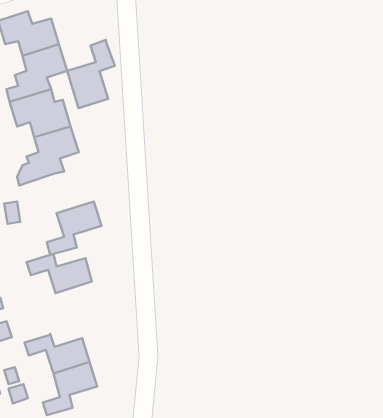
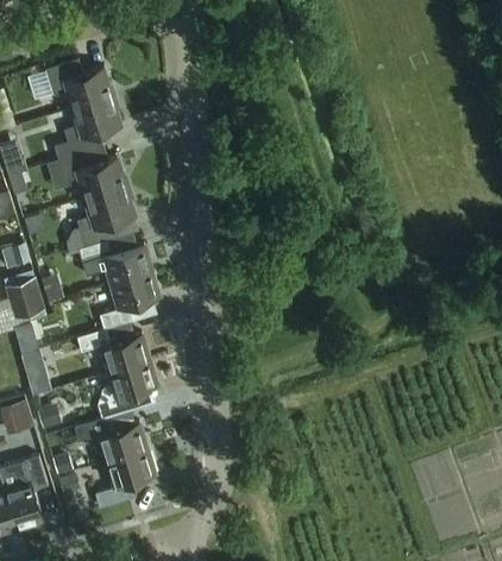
building: [67,40,115,108] -> none
building: none -> [79,240,151,284]
building: none -> [96,360,157,420]

